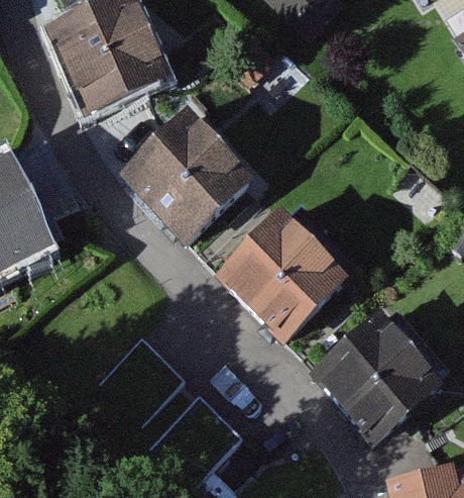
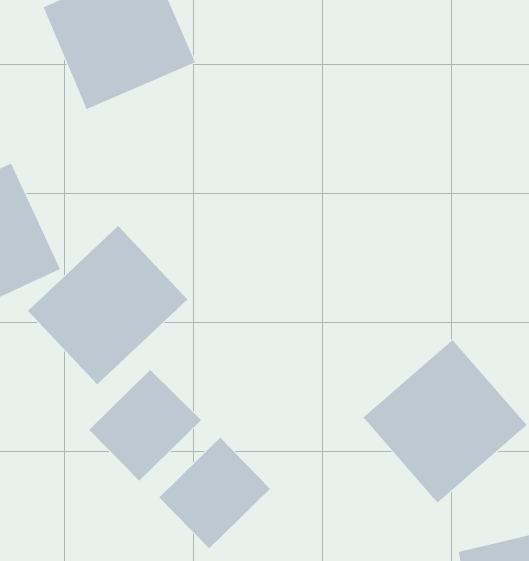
building: [120,107,254,241] -> none
building: [216,207,355,346] -> none
building: none -> [27,225,188,385]

